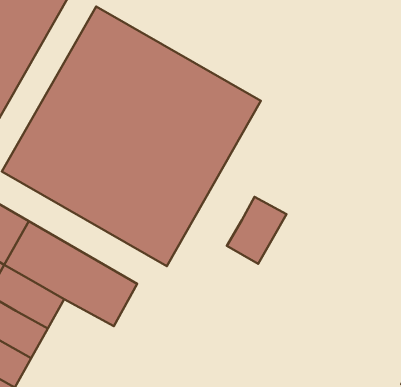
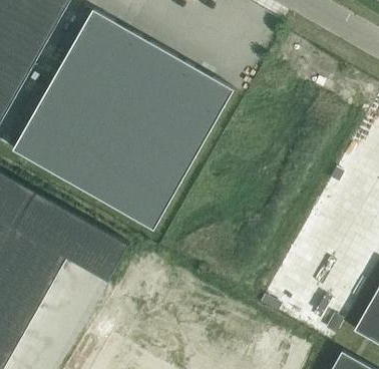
building: [227,197,286,264] -> none

